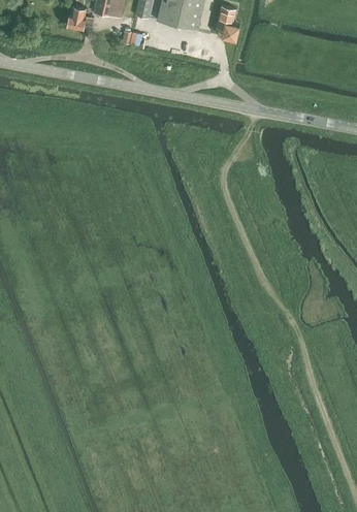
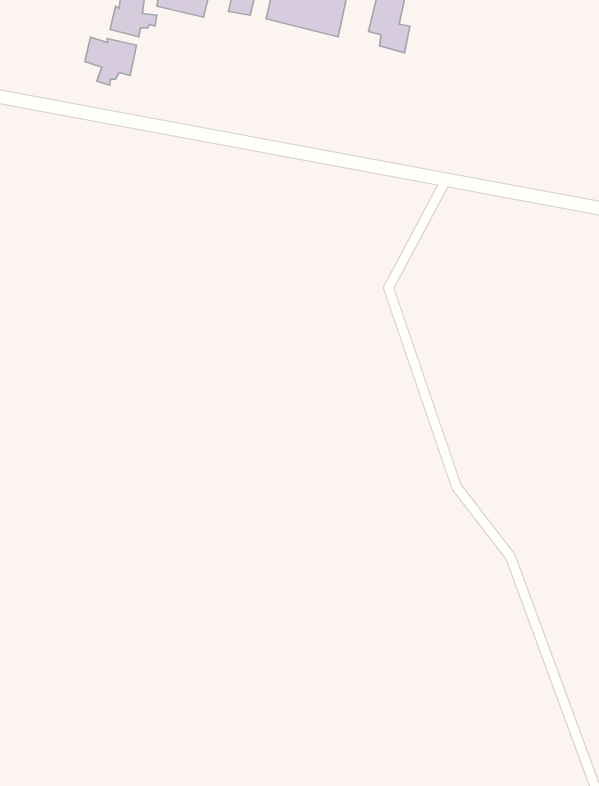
building: none -> [85,37,136,85]

